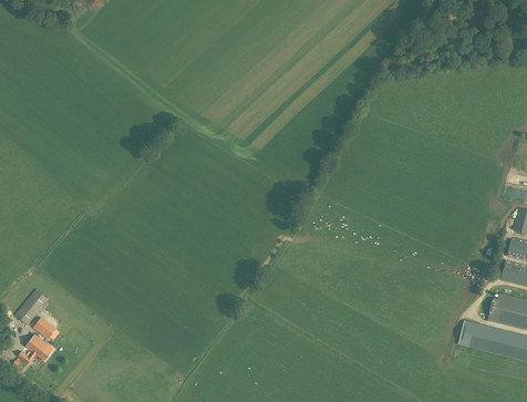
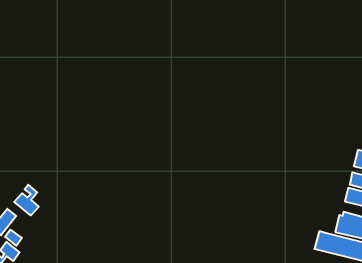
building: none -> [14,185,39,215]

